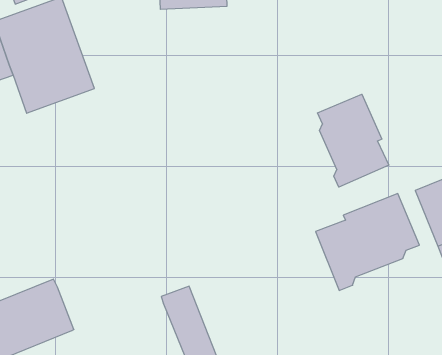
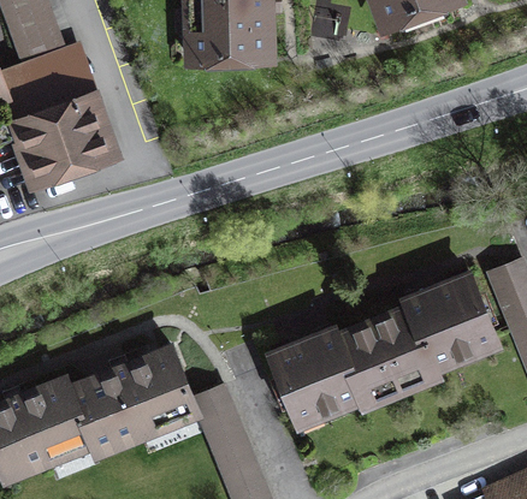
building: [318,94,389,187] -> none
building: none -> [272,320,401,415]
building: none -> [71,345,195,444]

